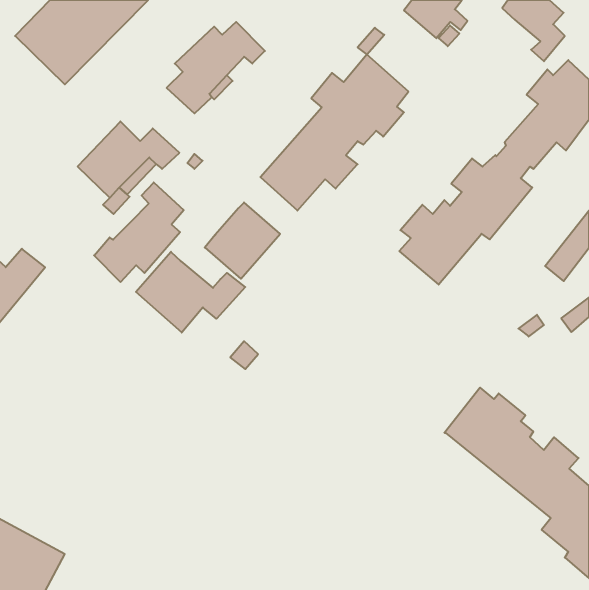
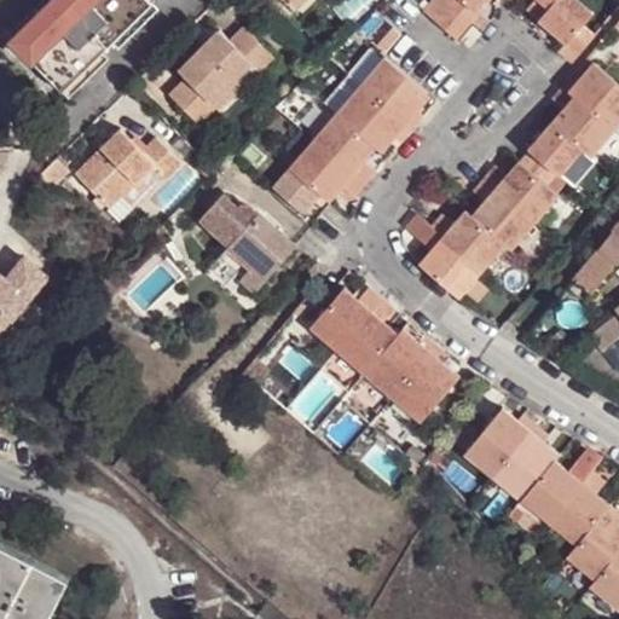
building: [94,182,184,282] -> none
building: none -> [197,195,249,247]
building: [136,252,245,333] -> none
building: none -> [308,288,459,422]

